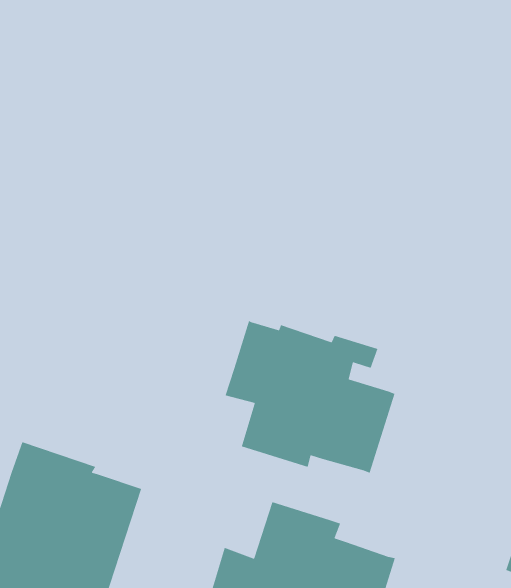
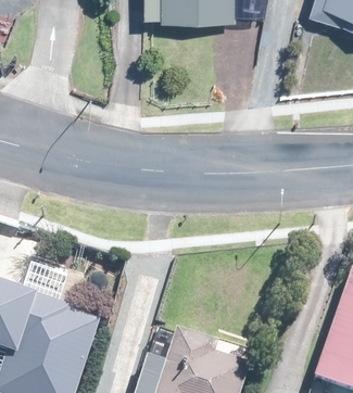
building: [224,320,396,474] -> none

